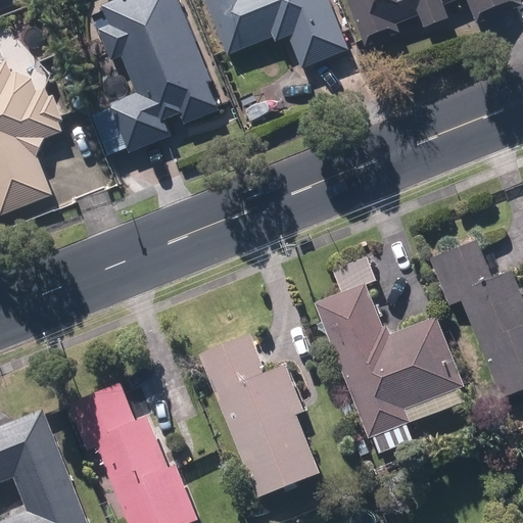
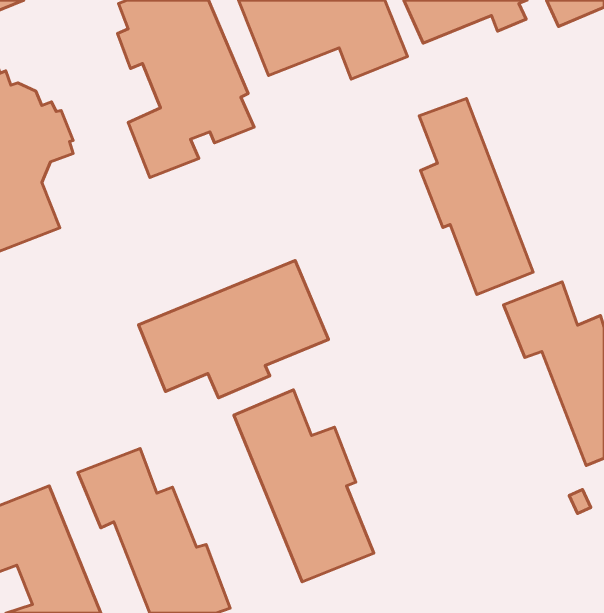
building: none -> [419,98,533,294]
building: none -> [139,260,328,398]
building: [317,255,465,451] -> none

